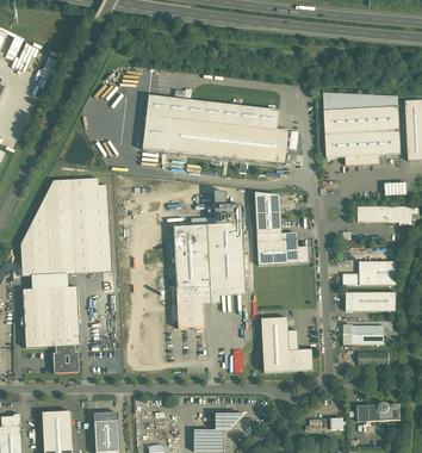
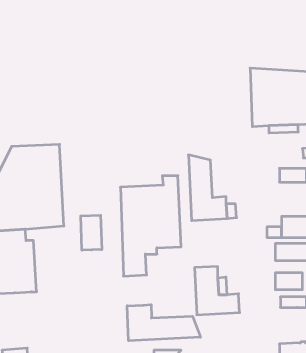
building: [142,95,287,165] -> none
building: none -> [81,215,102,250]
building: [52,346,77,372] -> none
building: none -> [127,305,200,341]

